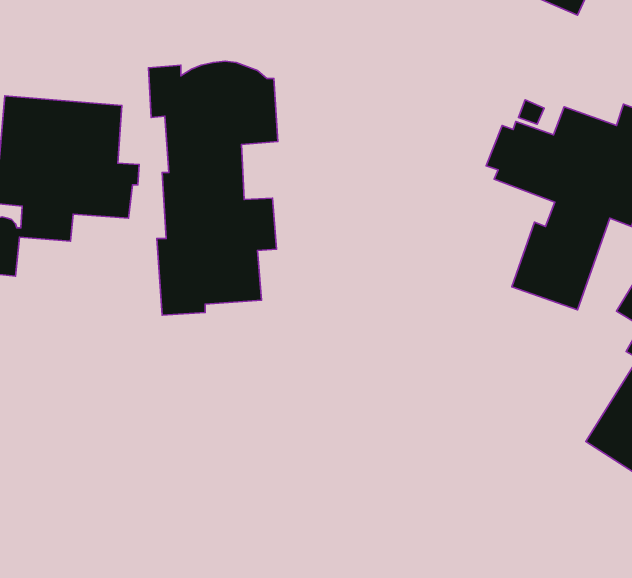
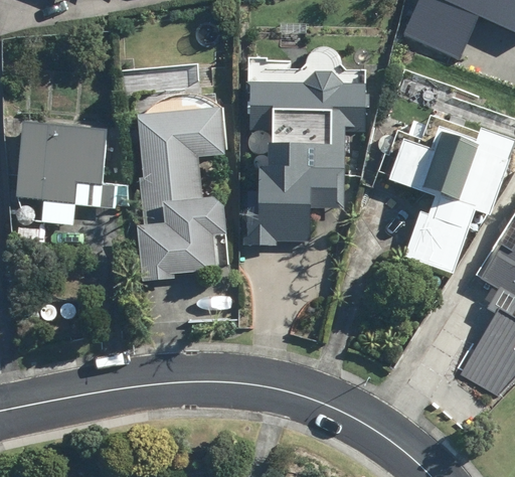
building: none -> [241,67,367,245]

